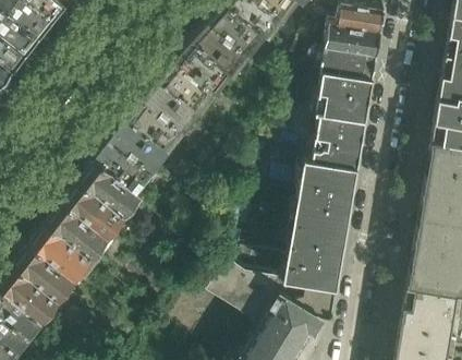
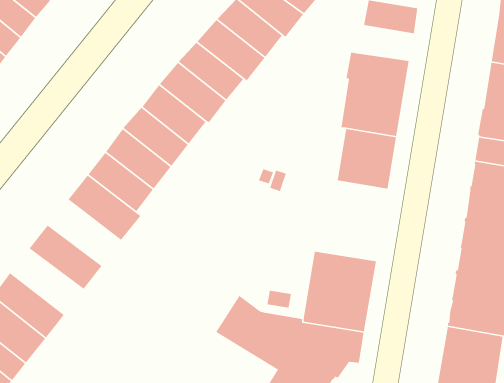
building: [325,24,380,56] -> none
building: [293,159,357,230] -> none
building: [61,177,125,235] -> none
building: [28,219,93,277] -> none

